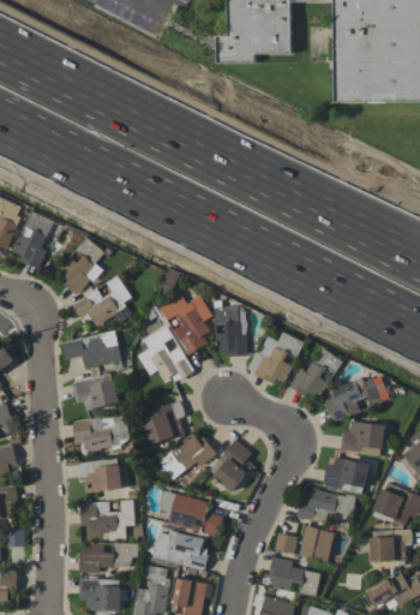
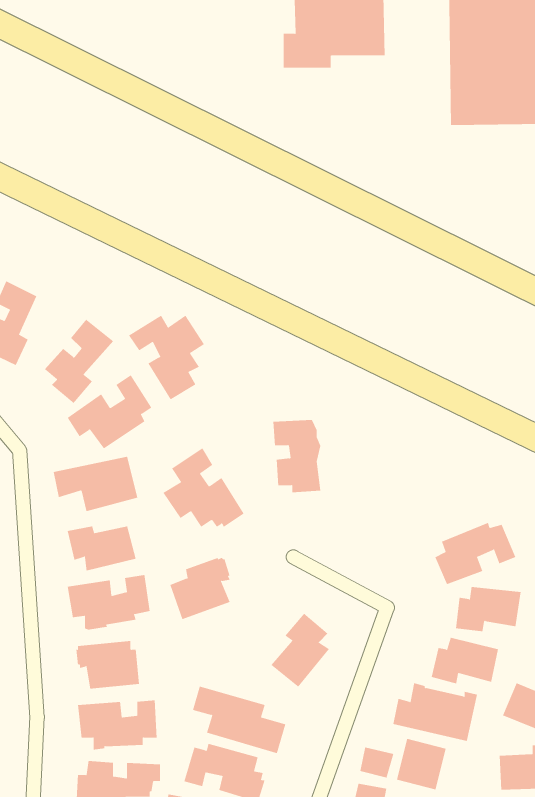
building: [160,295,212,354] -> [128,315,205,400]
building: [247,333,304,383] -> none
building: [289,348,343,399] -> none
building: [157,432,216,480] -> none

